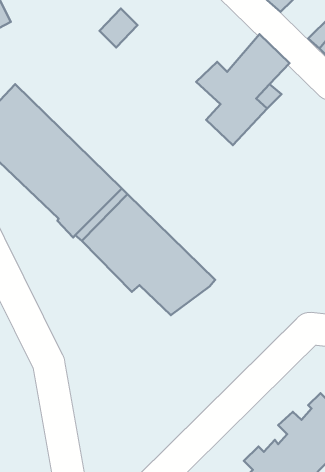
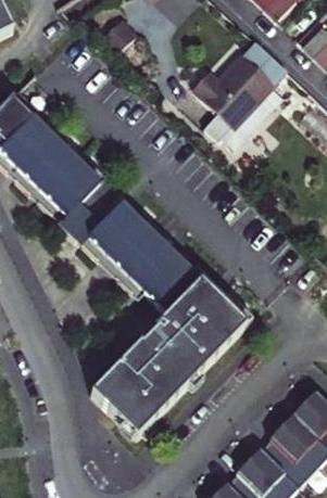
building: none -> [91,286,253,437]

